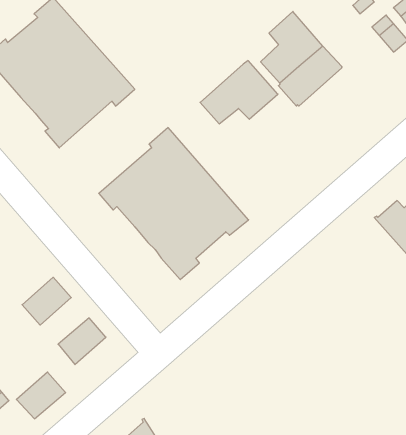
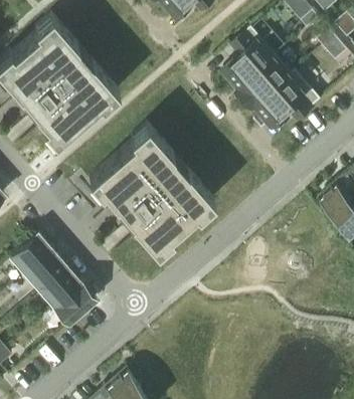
building: [200,61,278,124] -> [255,70,321,124]
building: none -> [9,233,49,272]
building: [16,372,66,419] -> [38,266,79,306]

